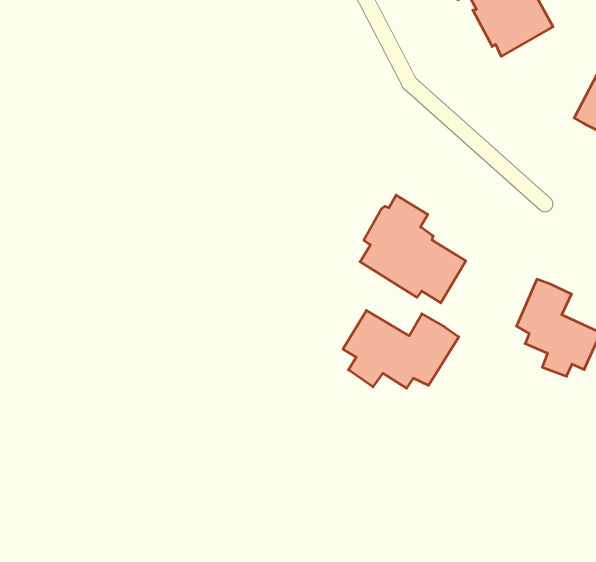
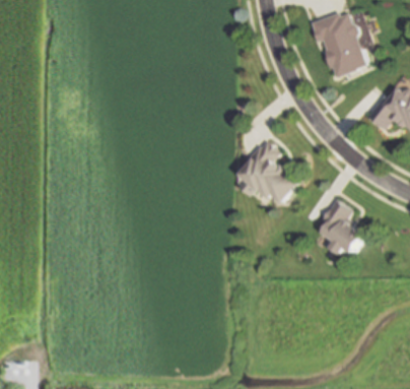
building: [343,310,459,388] -> none

